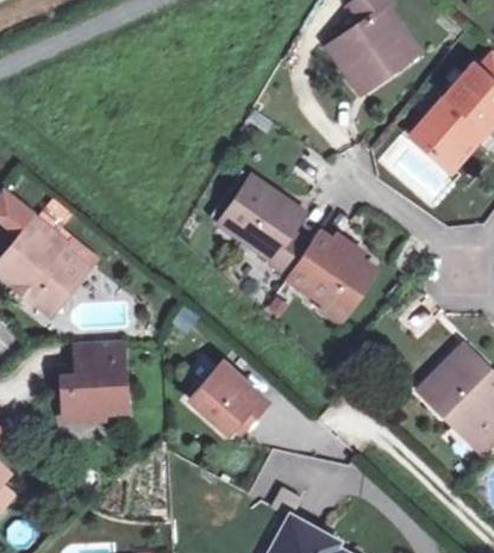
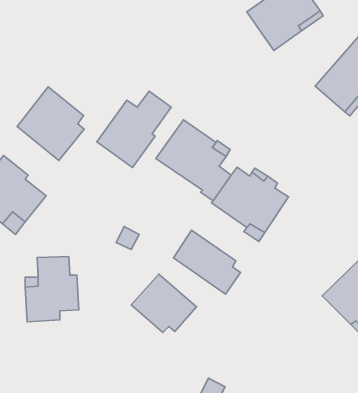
building: none -> [17,87,84,161]
building: none -> [97,91,171,168]
building: none -> [173,230,241,294]

